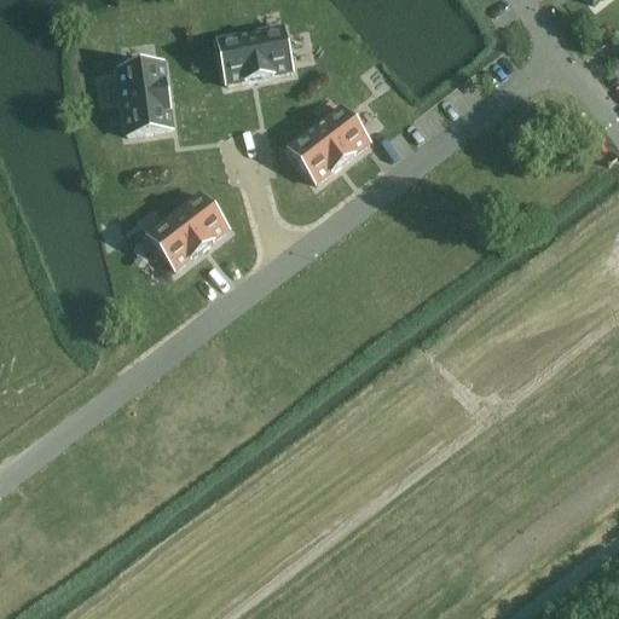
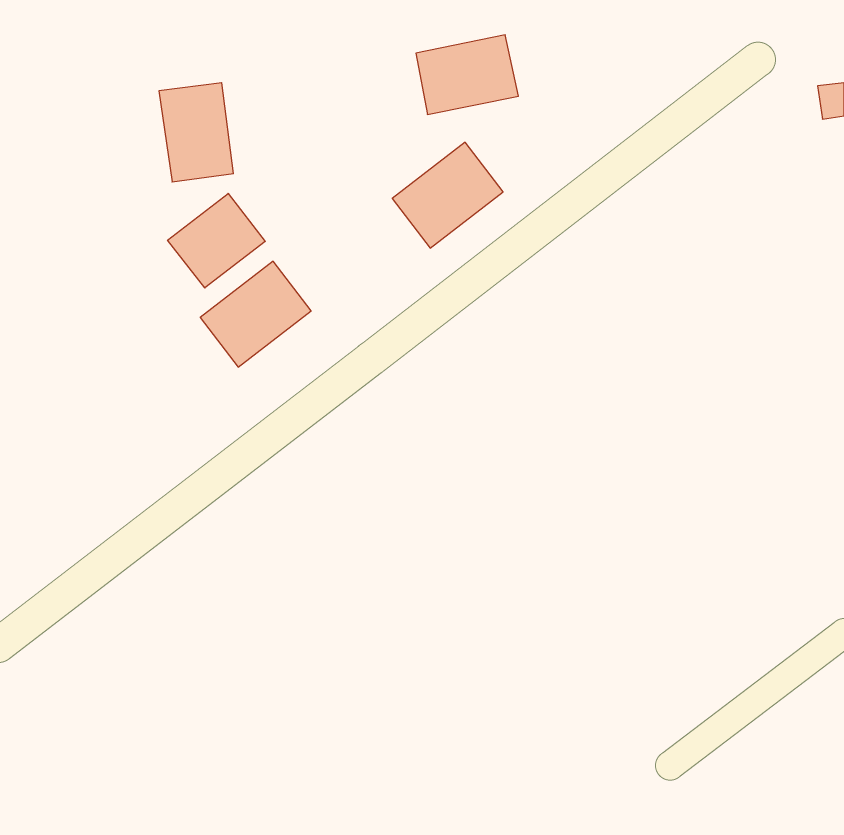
building: [216,24,291,82] -> [416,35,518,114]
building: none -> [168,193,265,288]

